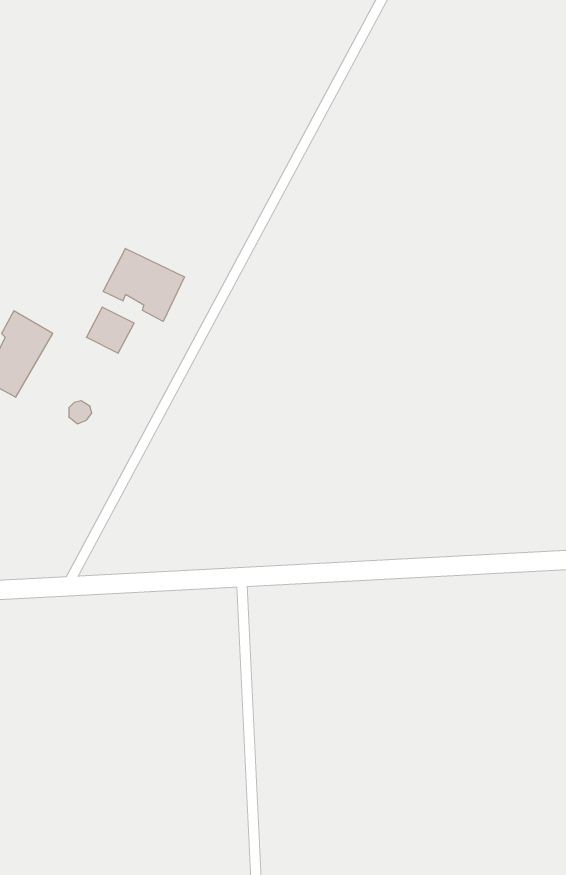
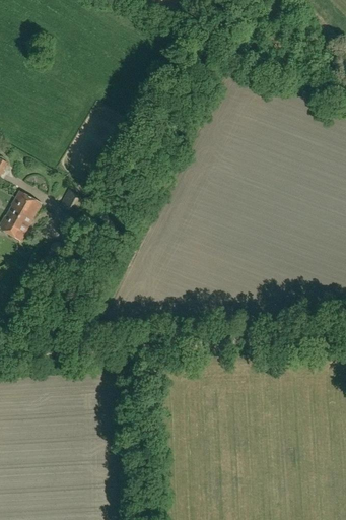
building: [103,248,185,321] -> none

